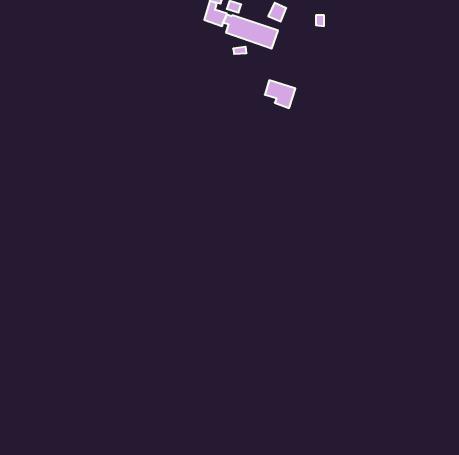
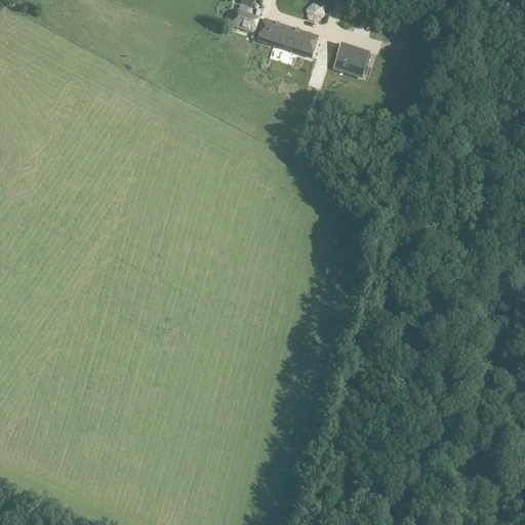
building: [265,80,295,108] -> [335,42,370,74]

